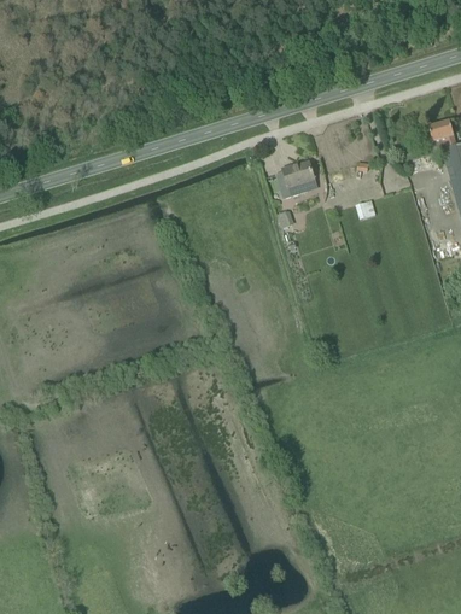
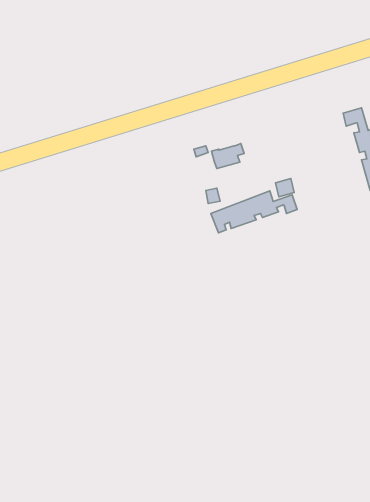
building: none -> [211,191,297,233]

